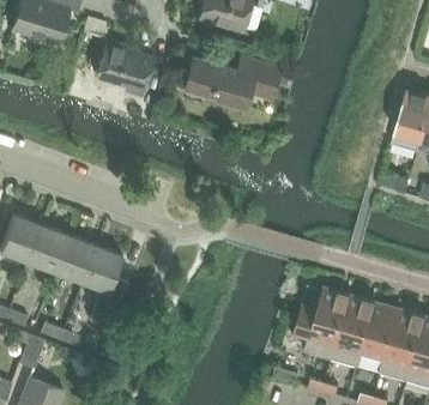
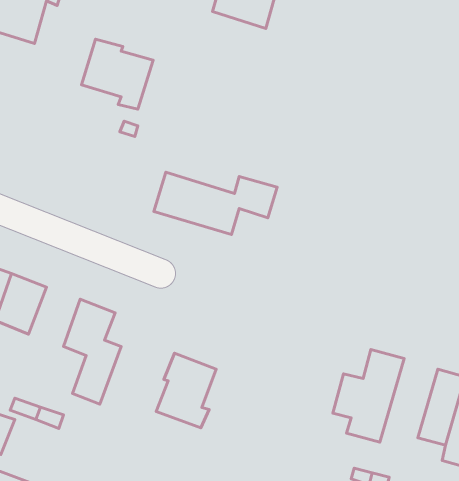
building: [182,58,279,107] -> [154,172,277,234]
building: [53,237,93,284] -> none
building: none -> [156,353,216,428]
building: [330,294,375,367] -> none

